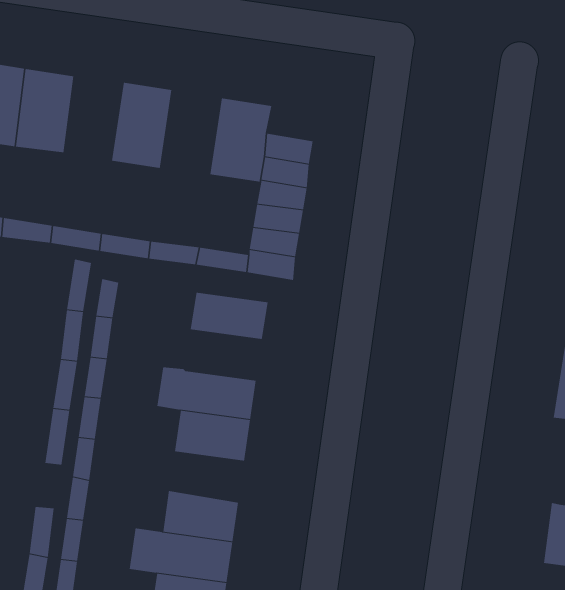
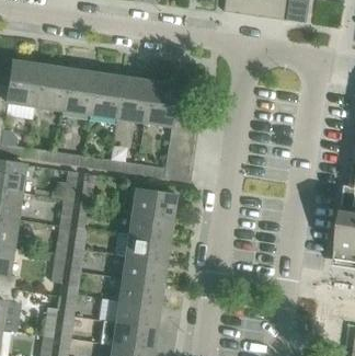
building: none -> [62,68,95,115]
building: none -> [116,76,150,123]
building: none -> [129,209,173,238]
building: none -> [121,277,163,306]

